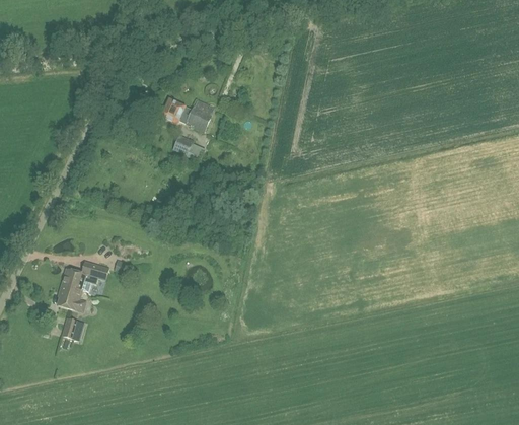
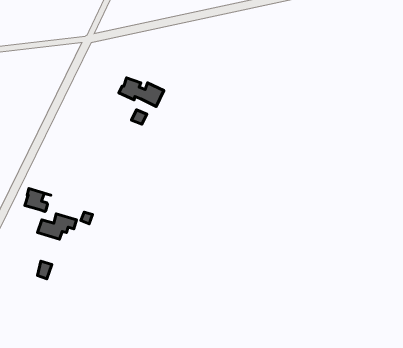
building: [57,282,88,309] -> [25,189,51,211]

